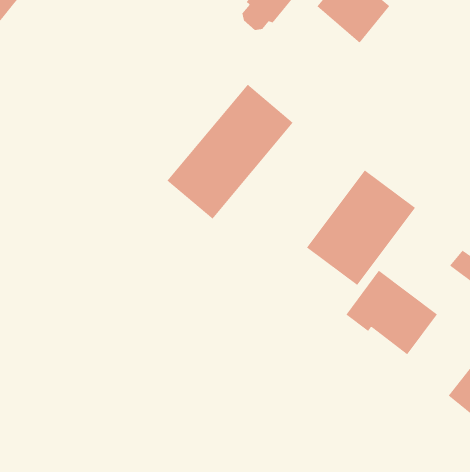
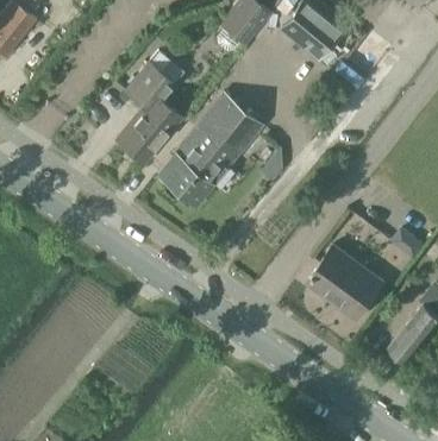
building: none -> [119,62,183,162]
building: [306,170,416,286] -> none

